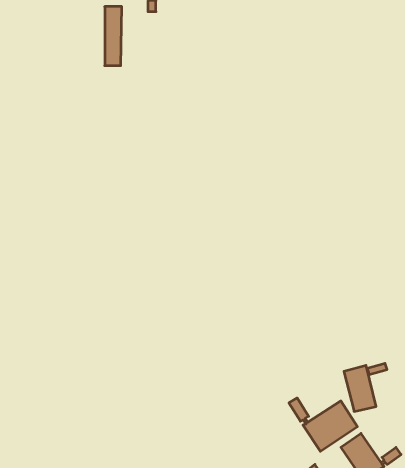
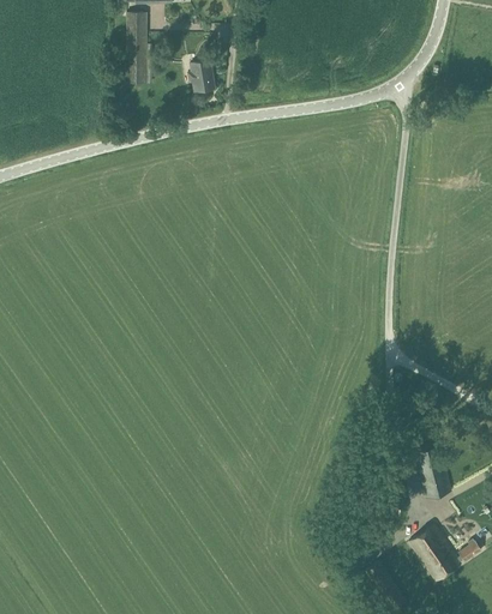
building: none -> [188,59,215,92]
building: [289,398,357,451] -> none

